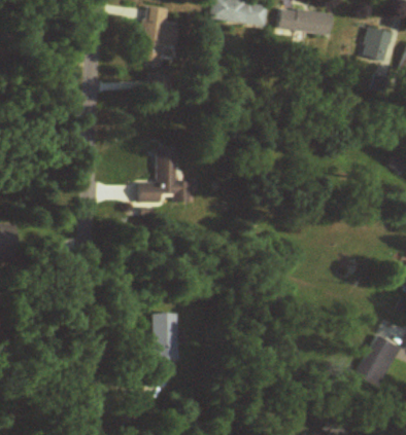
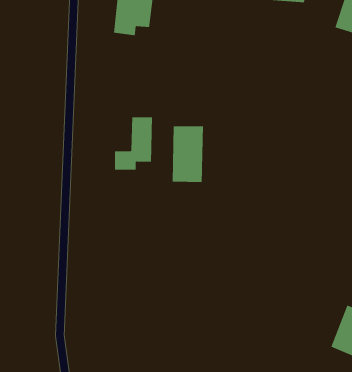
building: none -> [172,125,203,183]
building: [151,313,177,360] -> none

